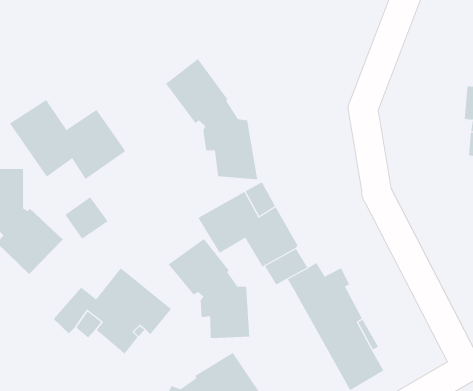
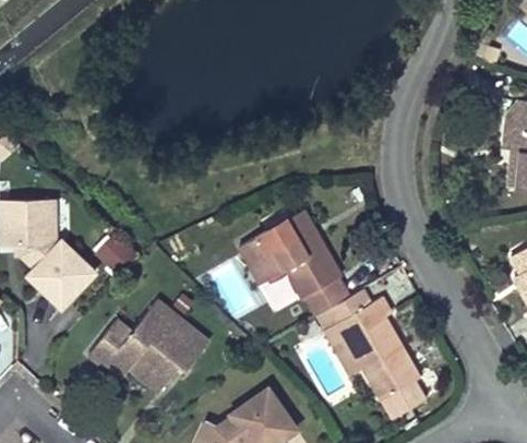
building: [165,58,258,180] -> none
building: [9,99,125,180] -> none
building: [168,238,250,339] -> none

